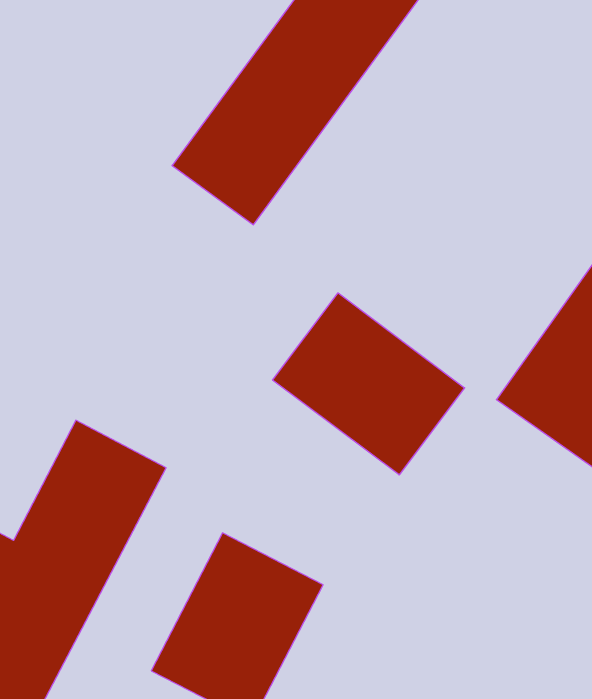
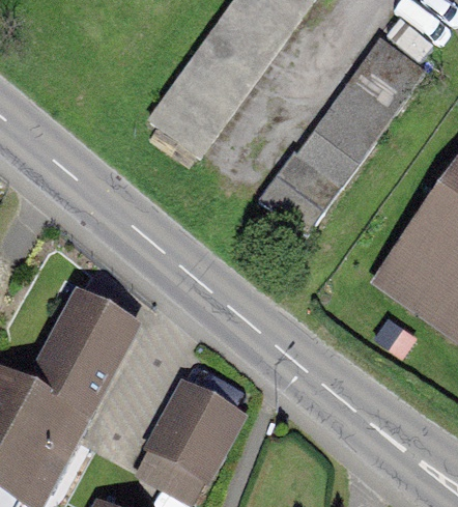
building: none -> [258,36,428,235]
building: [273,293,465,475] -> none

